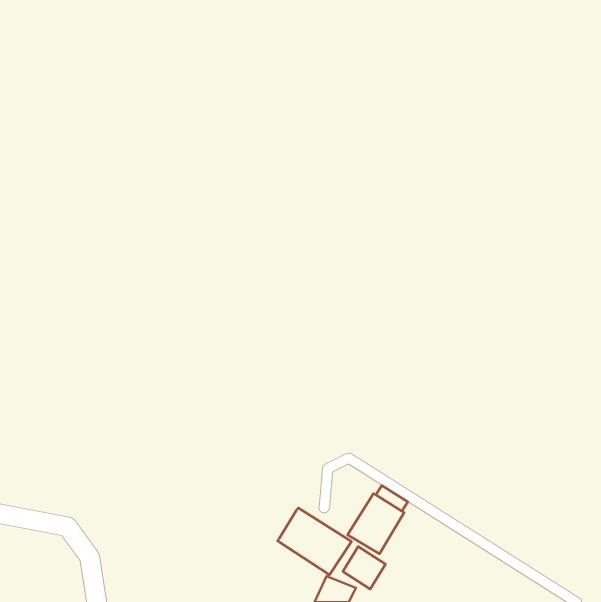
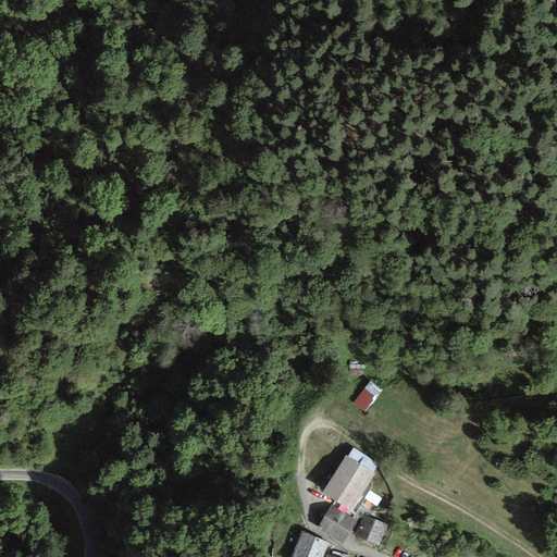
building: [277,508,352,575] -> none
building: none -> [355,516,385,546]

